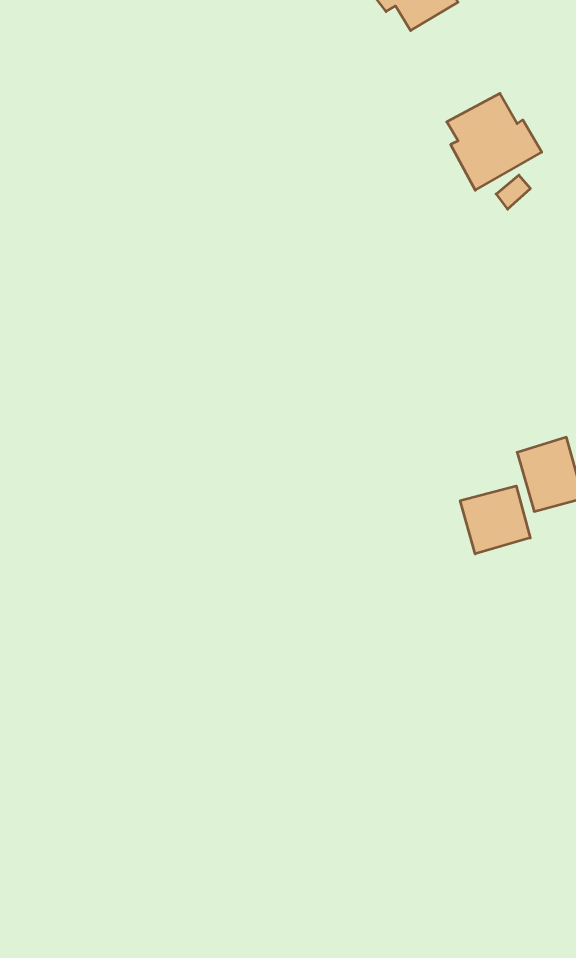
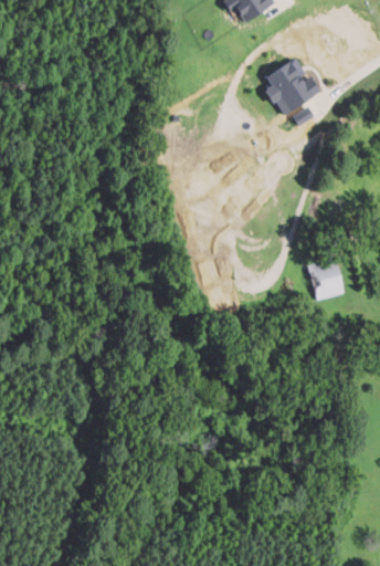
building: [460,486,530,554] -> none

